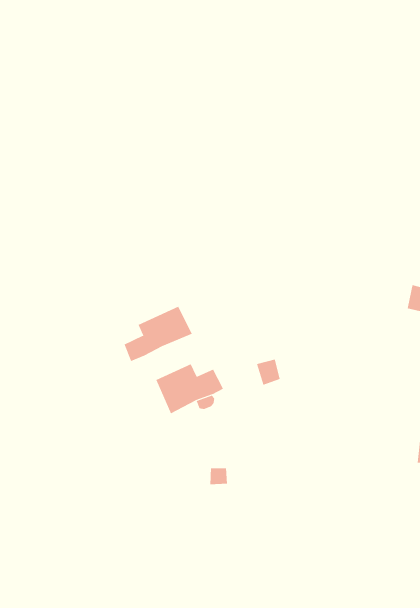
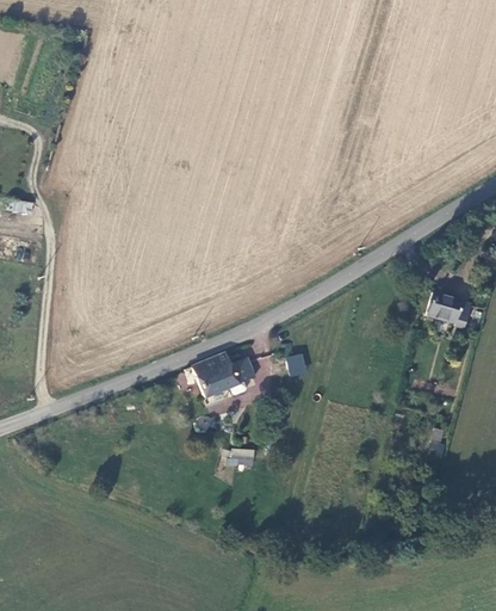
building: [124,306,192,362] -> none

